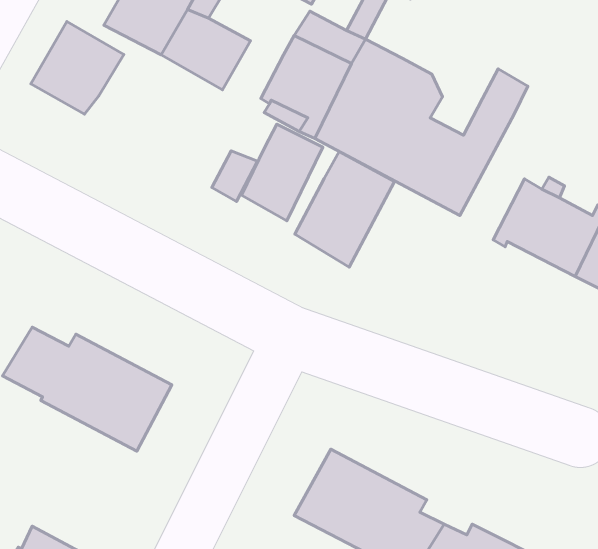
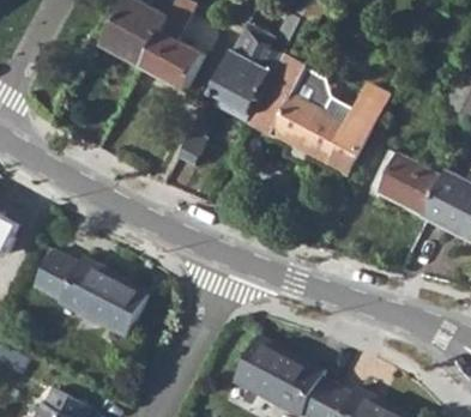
building: [31,22,124,114] -> none
building: [241,124,323,221] -> none
building: [295,152,394,267] -> none

